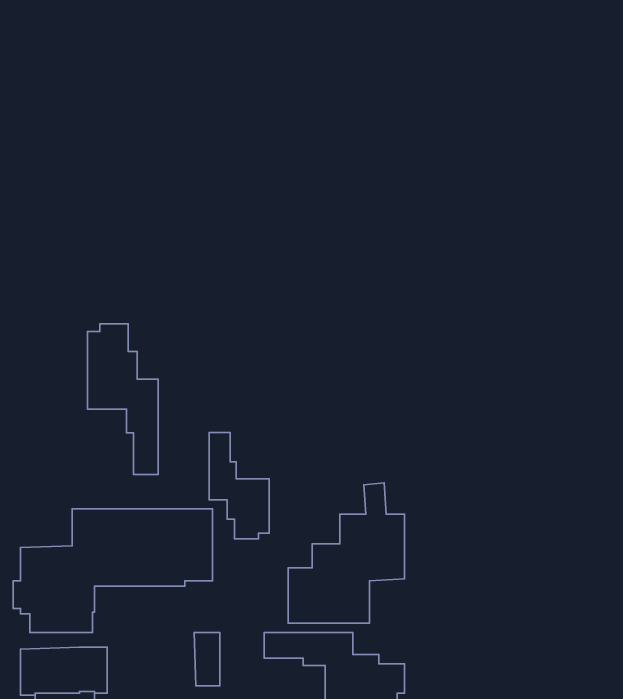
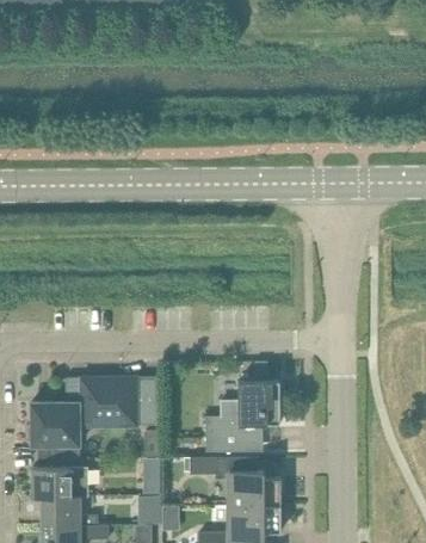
building: [87,324,158,475] -> none
building: [209,432,269,539] -> none

